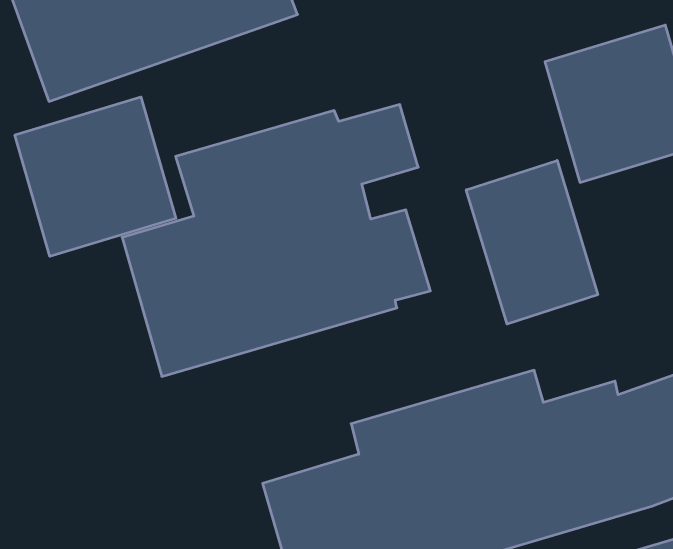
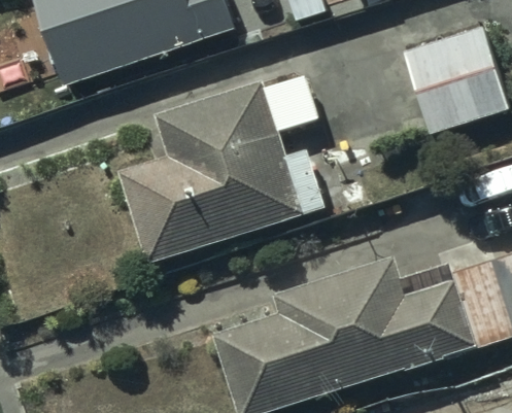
building: [15,97,176,256] -> none
building: [466,160,598,324] -> none

